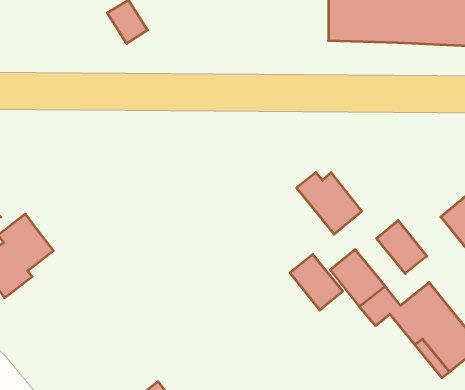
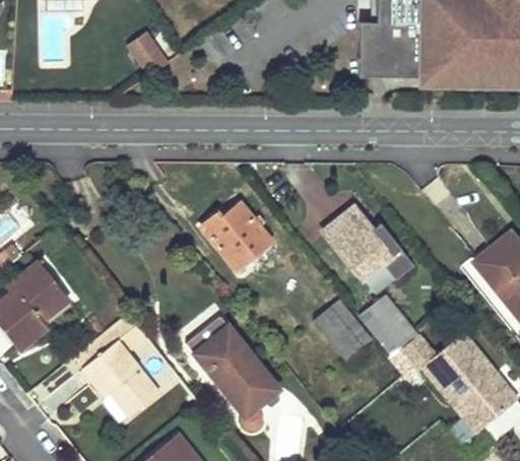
building: none -> [203,202,274,270]
building: [377,220,427,274] -> none
building: none -> [77,312,157,414]
building: none -> [195,325,278,430]

